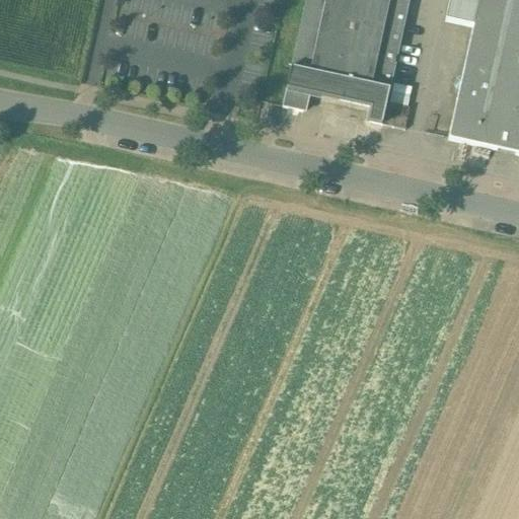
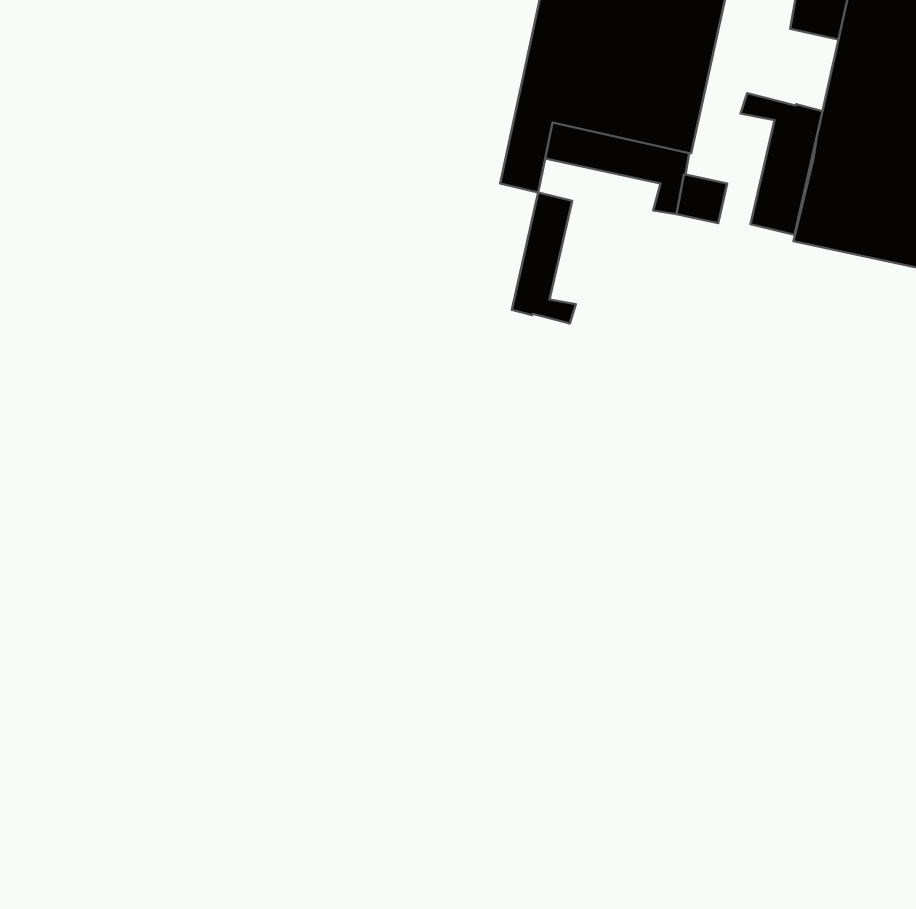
building: none -> [740,93,822,235]
building: none -> [512,193,576,324]

